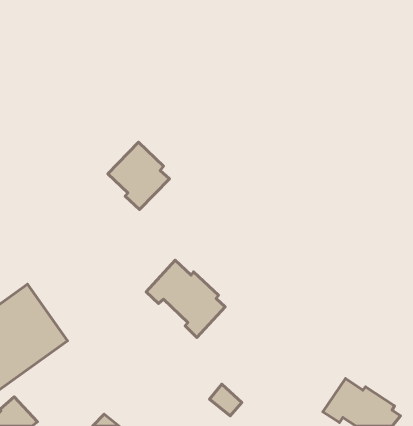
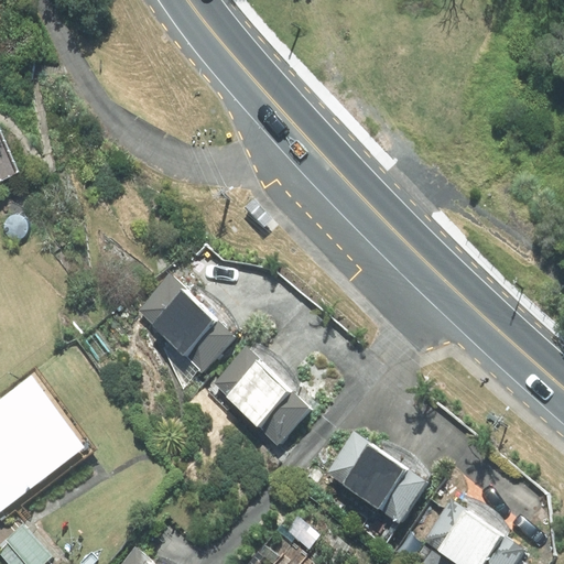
building: [108,142,169,210] -> [132,283,214,372]
building: none -> [332,434,433,523]

